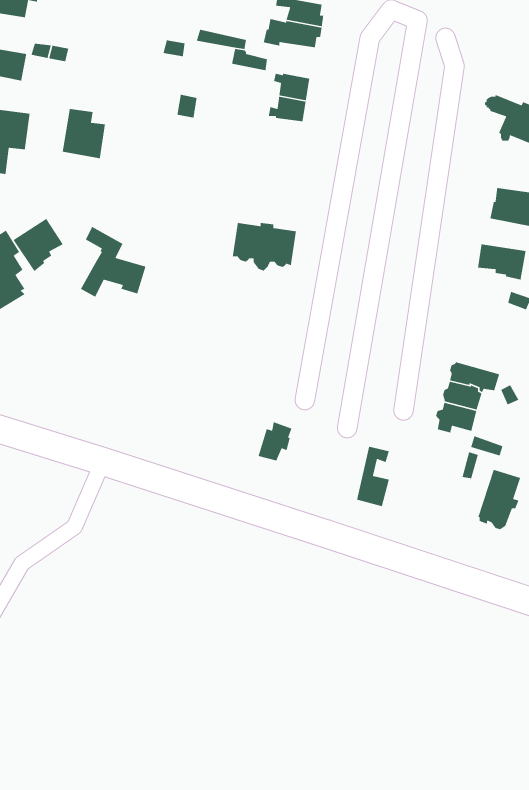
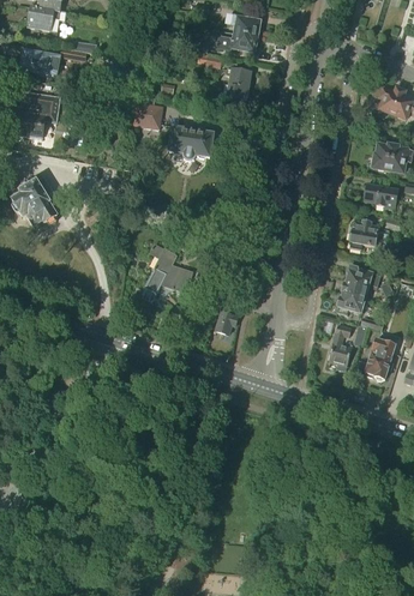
building: [62,108,106,159] -> [133,95,163,130]
building: [12,218,64,272] -> none
building: [232,222,297,271] -> [169,127,214,161]
building: [80,226,146,298] -> [145,243,191,293]
building: none -> [349,221,389,249]
building: [356,446,390,507] -> [329,324,352,366]

